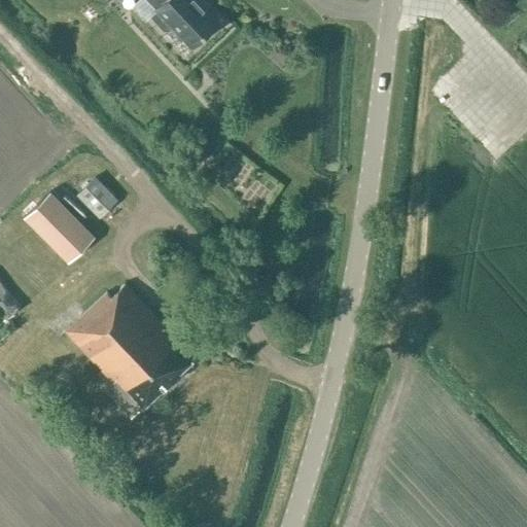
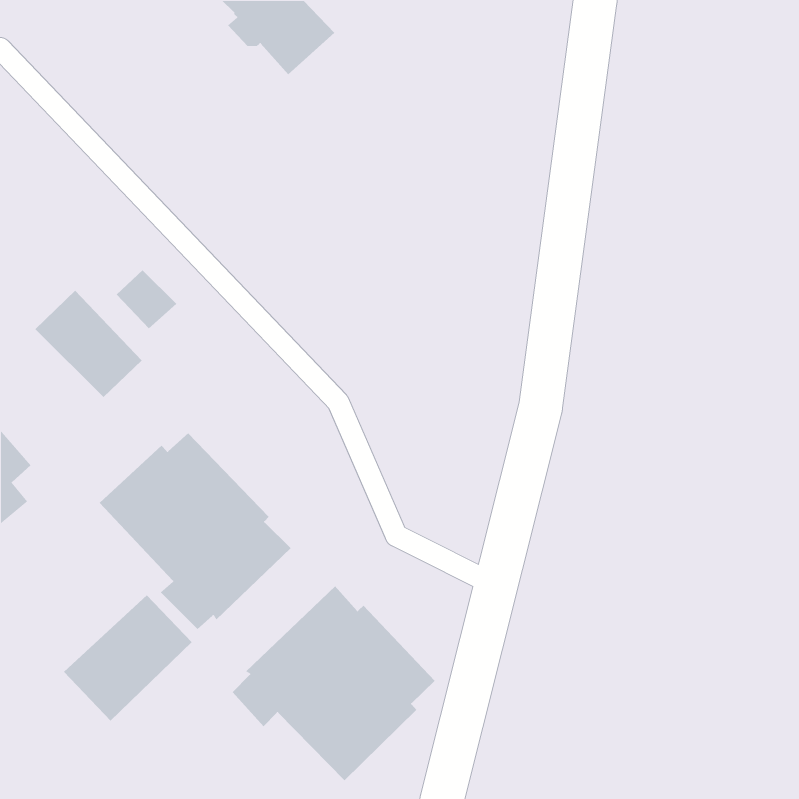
building: none -> [232,585,436,781]
building: none -> [63,595,193,721]

